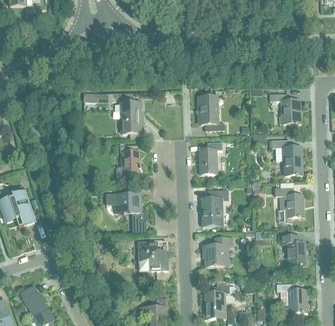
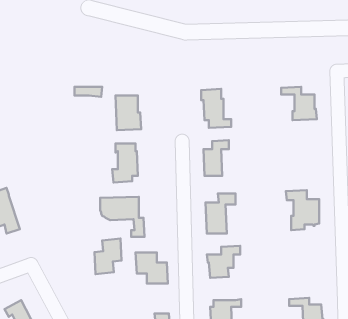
building: [271,139,302,175] -> none
building: none -> [94,238,122,274]
building: [280,234,305,265] -> none

